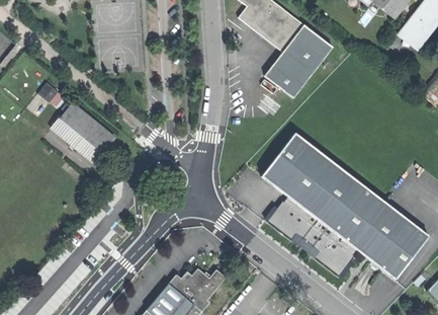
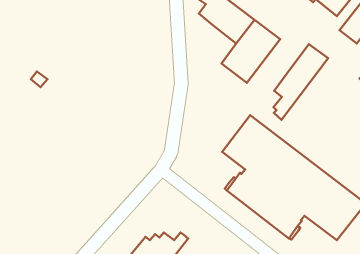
building: none -> [274,44,328,120]
building: [50,103,113,162] -> none

